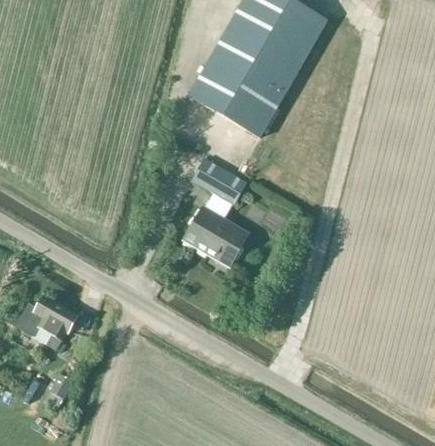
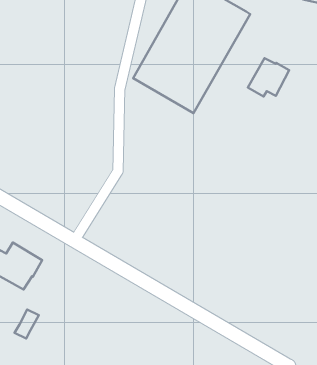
building: none -> [248,58,289,97]
building: [184,157,249,261] -> none

